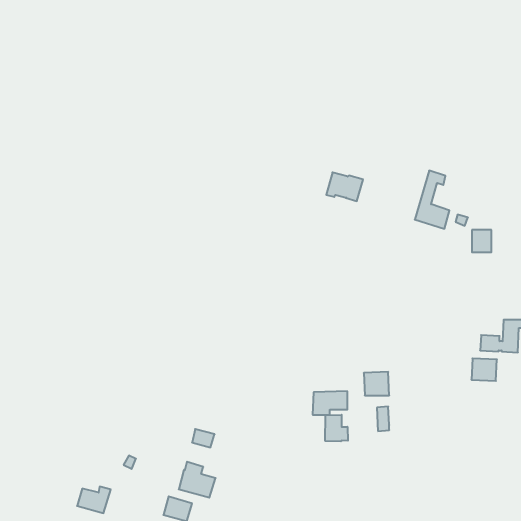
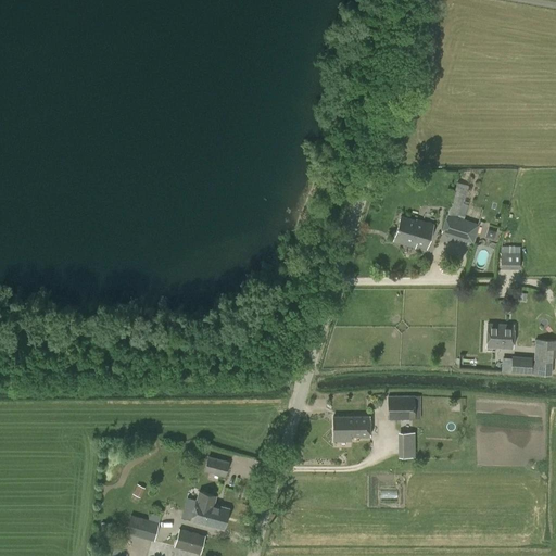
building: [326,172,363,201] -> [394,218,433,249]
building: [471,358,497,381] -> [486,325,514,349]
building: [325,415,348,441] -> none
building: [77,487,111,513] -> [126,514,162,542]

